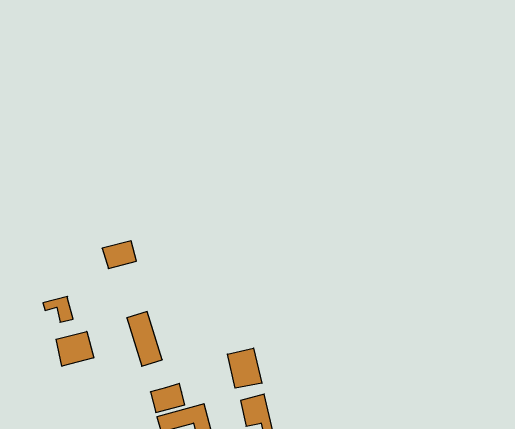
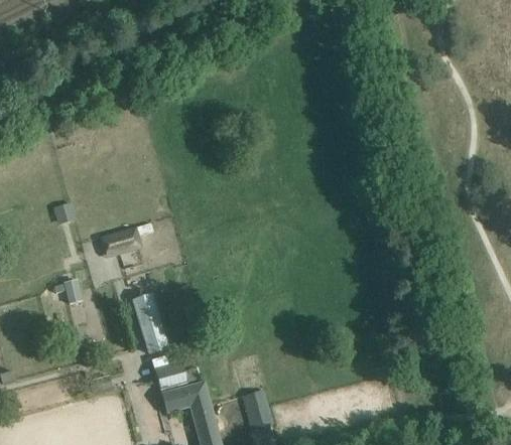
building: [56,331,94,366] -> none
building: [227,348,262,388] -> none

